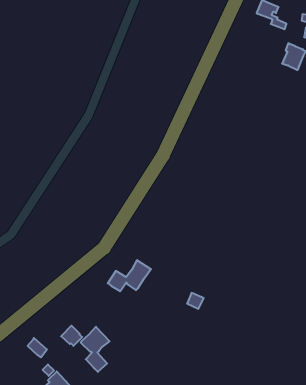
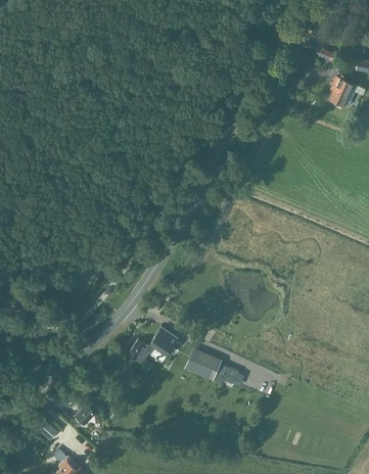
building: none -> [185,349,221,380]
building: [81,327,110,372] -> none

